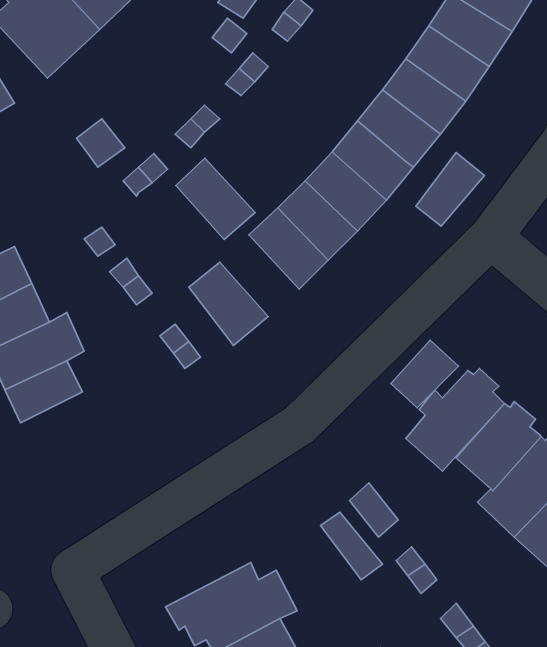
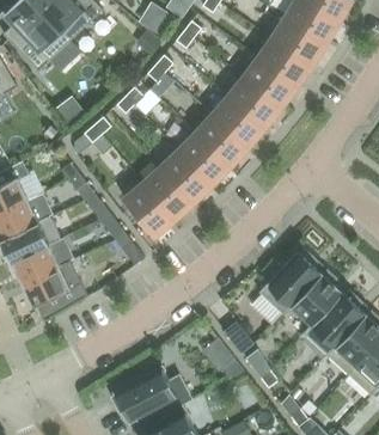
building: [416,153,485,226] -> none
building: [176,158,255,240] -> [143,167,192,218]
building: [391,340,458,408] -> none
building: none -> [20,259,87,320]

